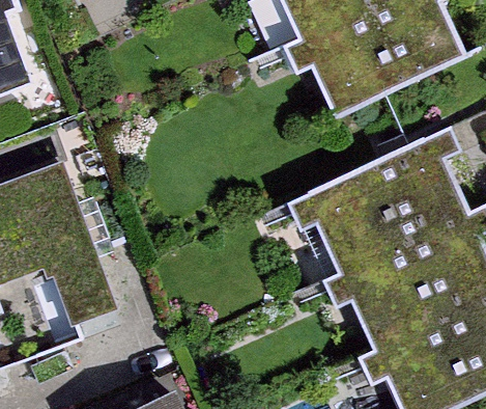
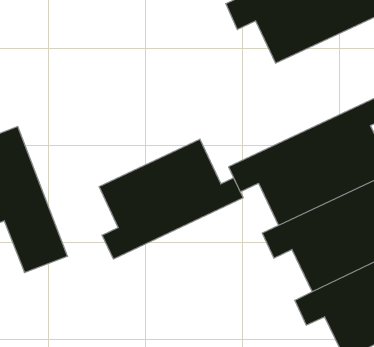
building: none -> [99,139,243,259]

